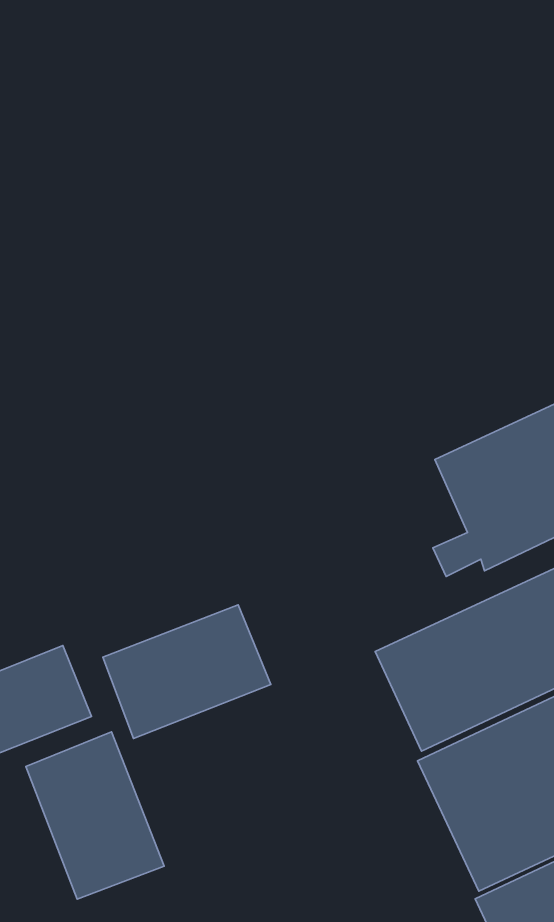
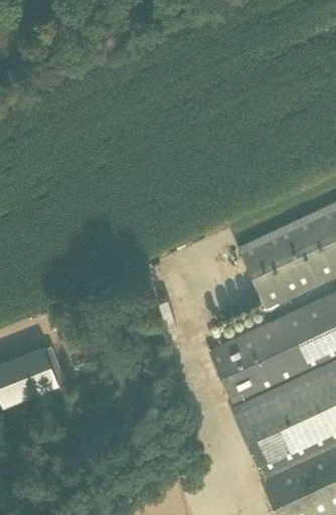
building: [103,605,271,739] -> none
building: [26,732,164,899] -> none

